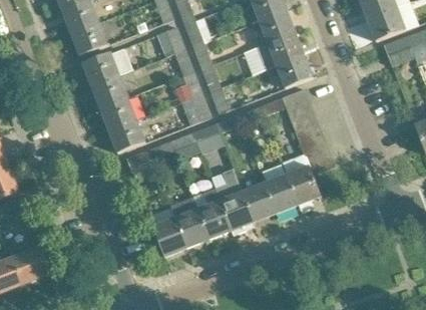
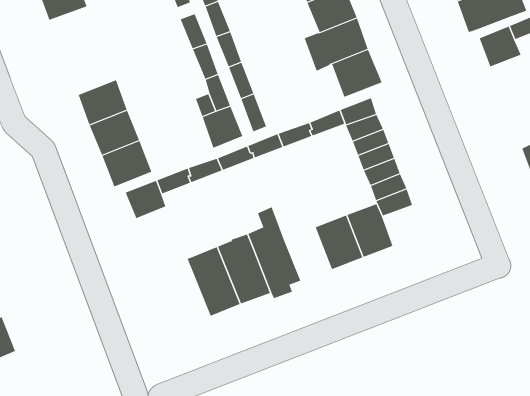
building: [70,22,107,56] -> none
building: [82,52,119,86] -> none
building: [242,183,276,222] -> none
building: [147,206,187,257] -> none

